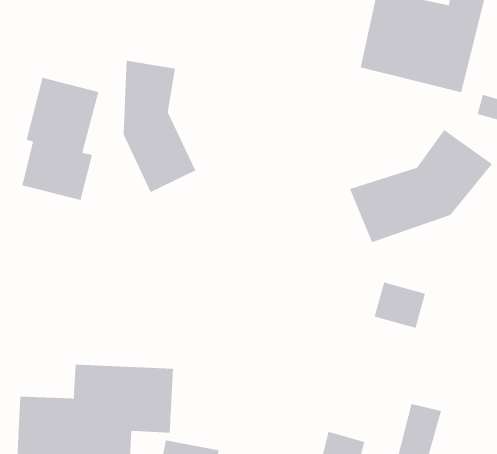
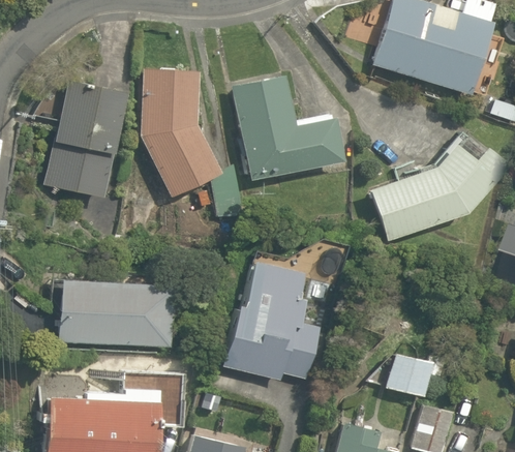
building: none -> [238,77,342,178]
building: none -> [225,263,323,387]
building: none -> [54,277,171,351]
building: [374,282,426,329] -> [378,353,429,398]

